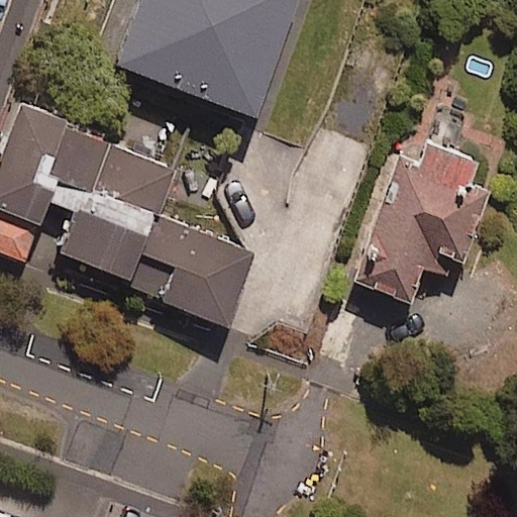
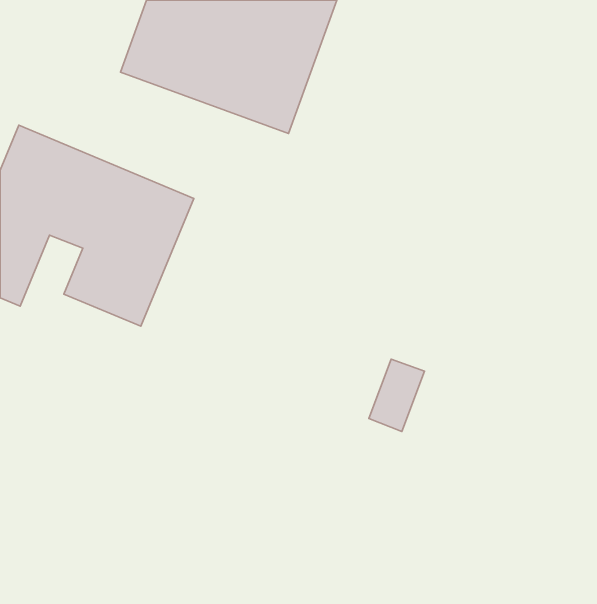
building: [354,113,489,301] -> none
building: [141,219,255,325] -> none

